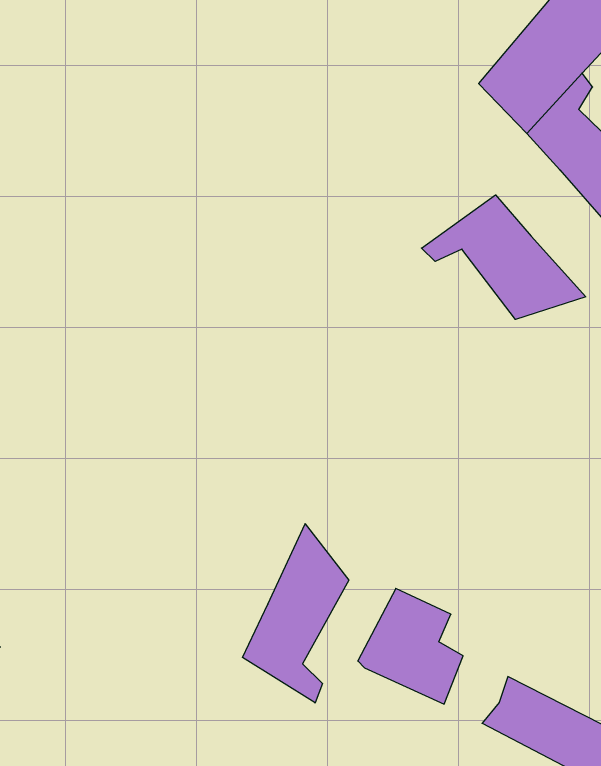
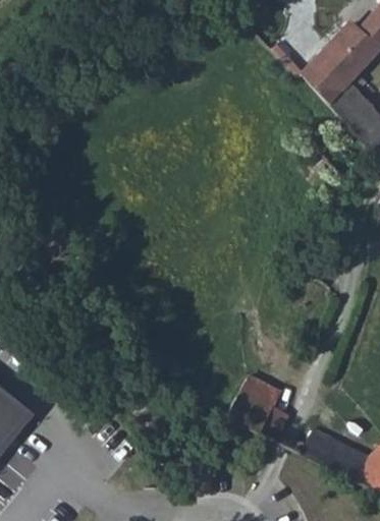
building: [421,195,586,319] -> none
building: [242,524,349,703] -> none

